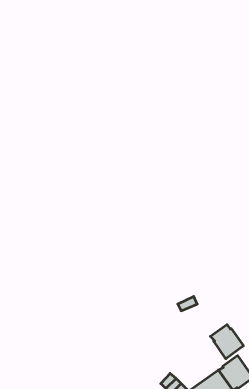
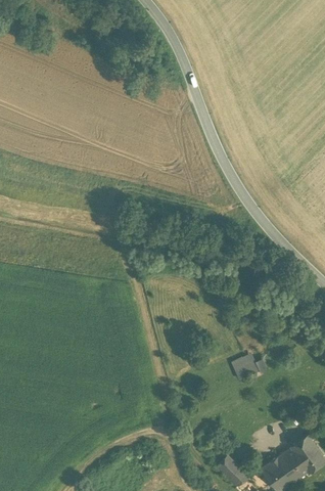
building: [210,325,243,359] -> none

